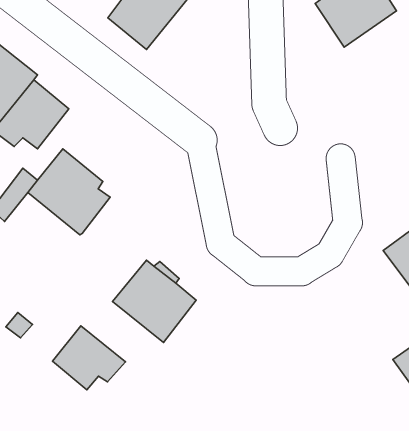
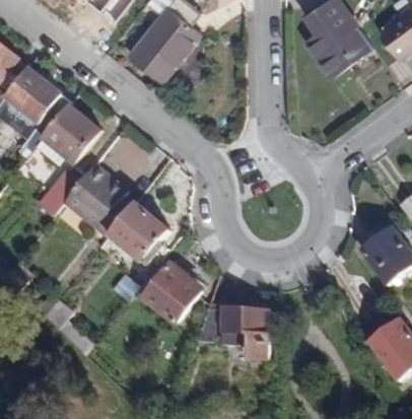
building: none -> [110,203,170,263]
building: none -> [196,306,270,359]
building: [52,326,125,390] -> none

